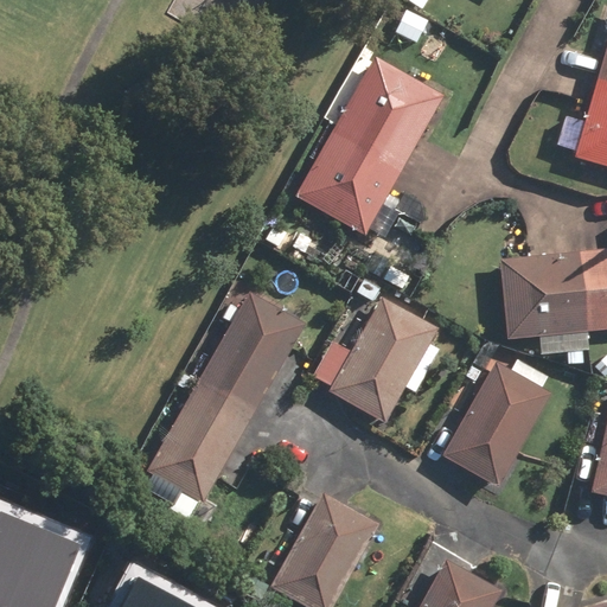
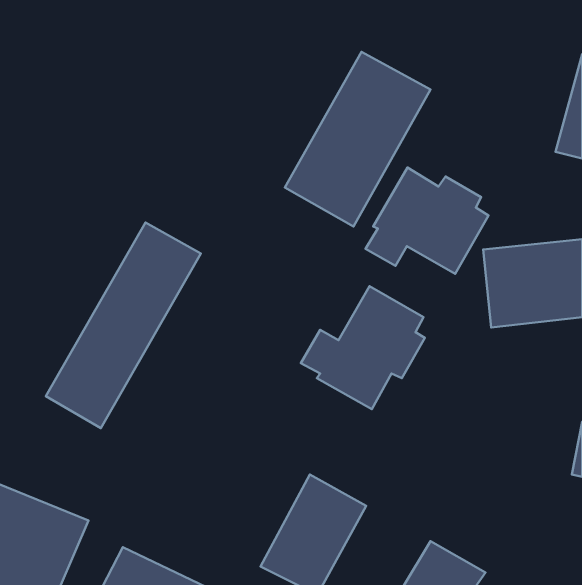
building: none -> [365,168,489,274]
building: [146,292,306,504] -> [46,222,201,428]
building: [442,359,551,487] -> none

